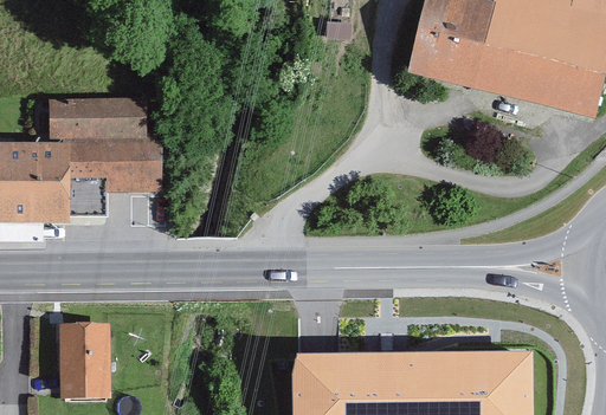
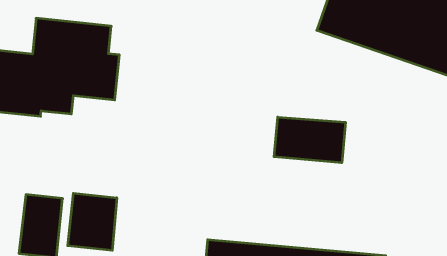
building: none -> [274,117,345,163]
building: none -> [68,193,117,250]

